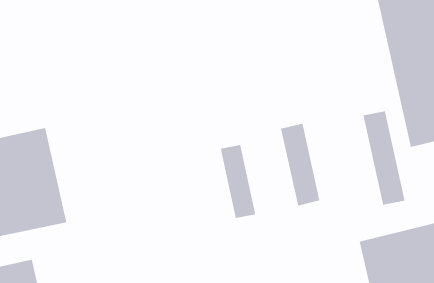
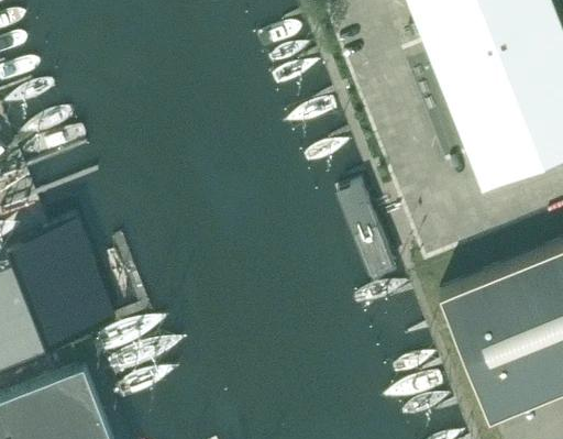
building: [363,110,405,206] -> none
building: [220,144,256,219] -> none

